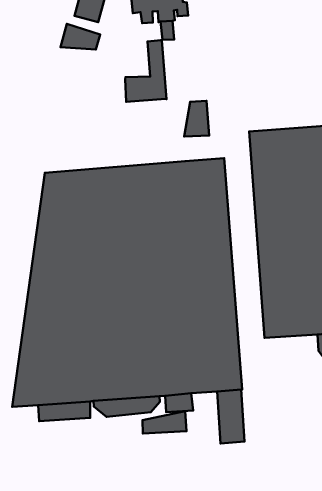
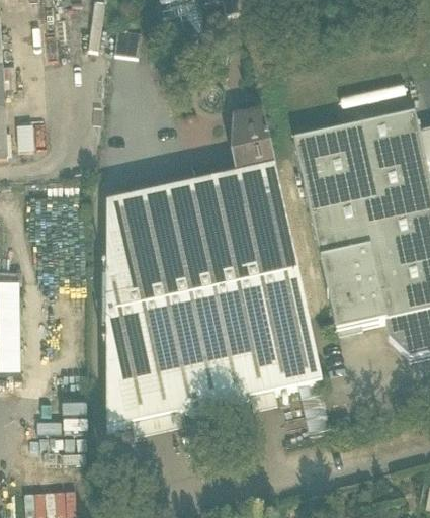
building: [61,24,100,50] -> none
building: [125,40,166,102] -> [233,107,274,170]
building: [142,411,187,433] -> none

